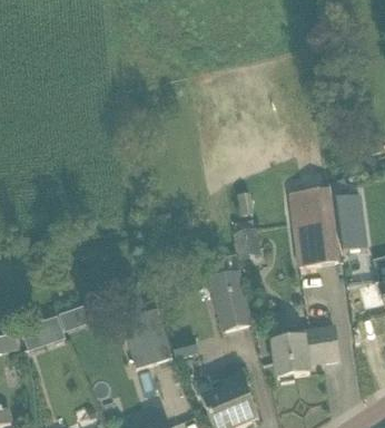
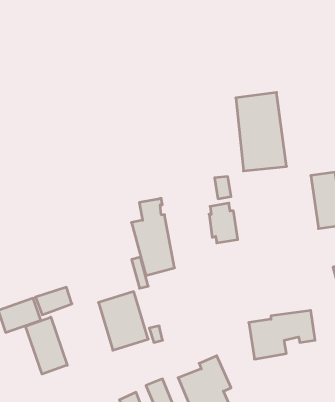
building: [288,186,339,265] -> [236,92,287,171]
building: [208,252,251,330] -> [131,198,175,276]
building: none -> [26,317,67,374]

